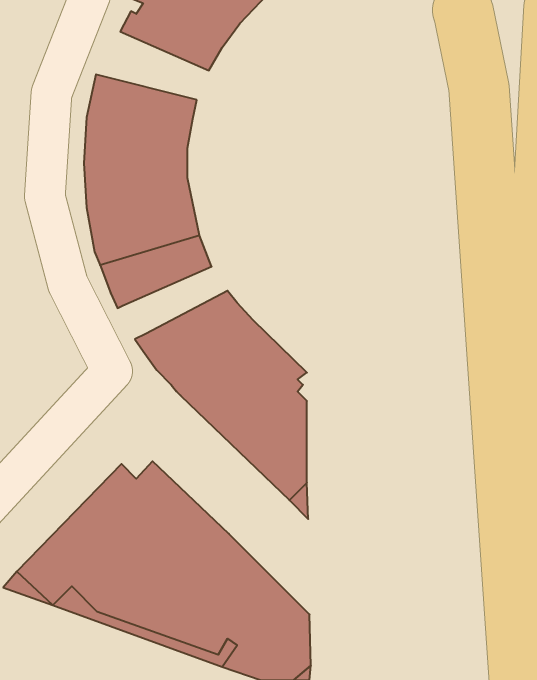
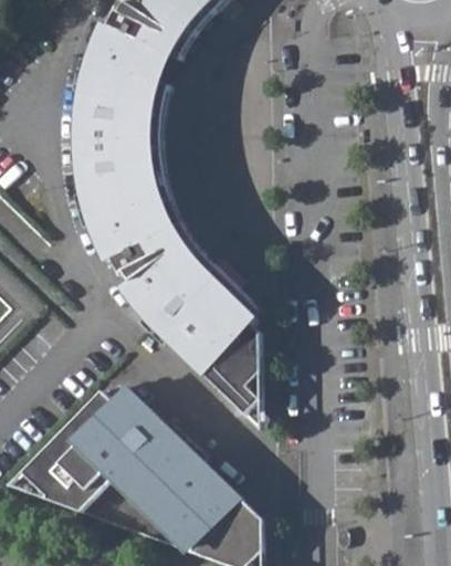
building: none -> [81,27,174,85]
building: none -> [103,222,189,277]

